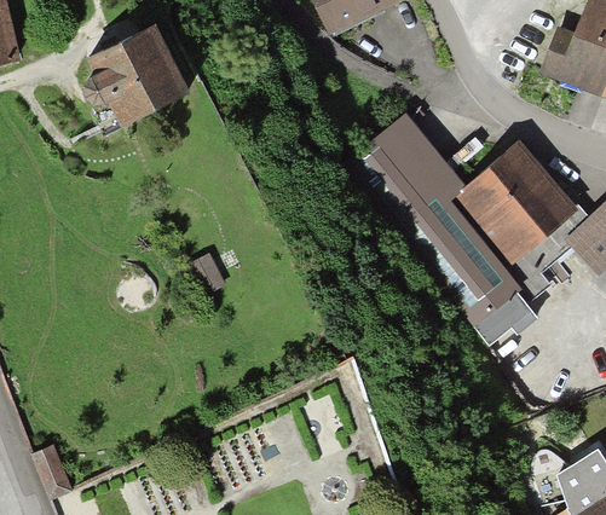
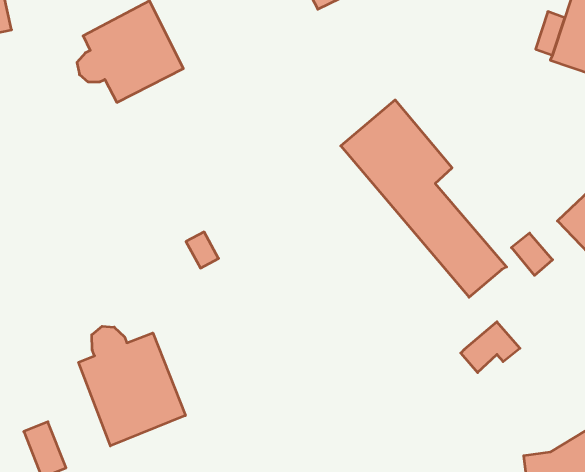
building: [458,146,572,261] -> none
building: [475,289,535,340] -> [461,322,520,373]
building: none -> [79,326,185,446]

